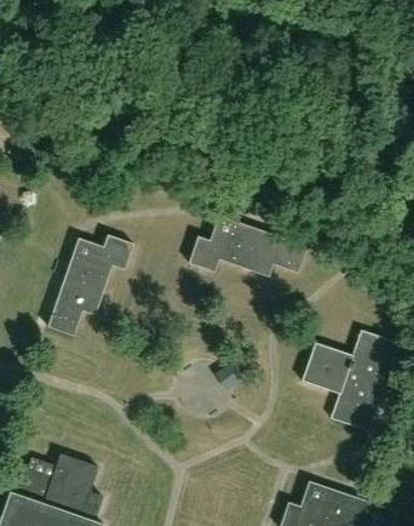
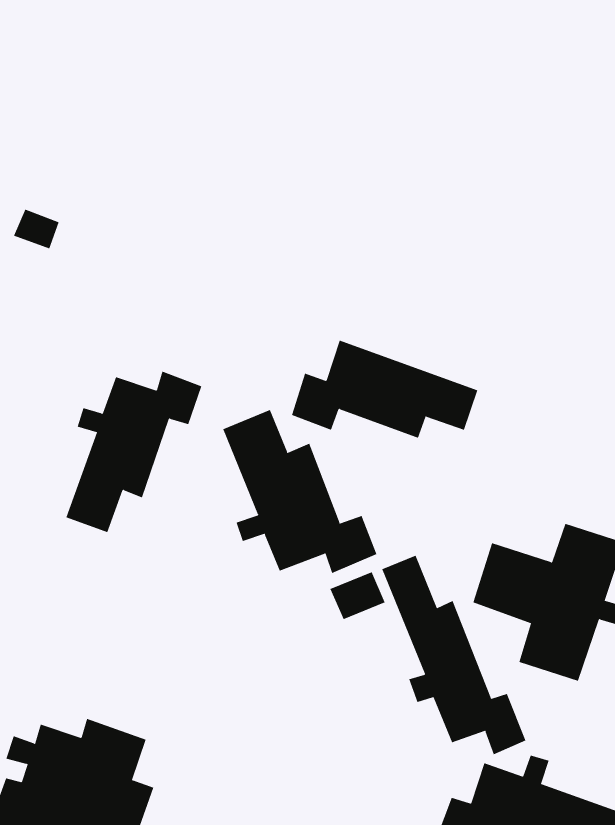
building: none -> [222,409,377,574]
building: none -> [381,555,526,755]

